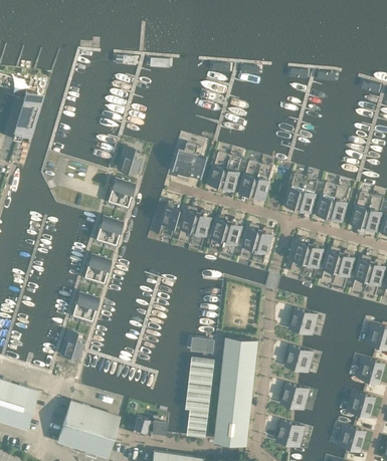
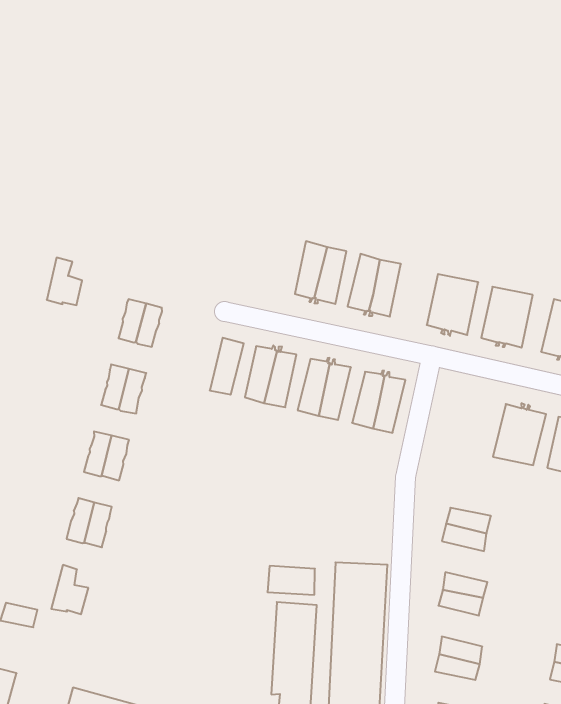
building: [172,143,206,180] -> none
building: [118,147,139,175] -> [47,258,82,305]
building: [289,242,322,278] -> none

